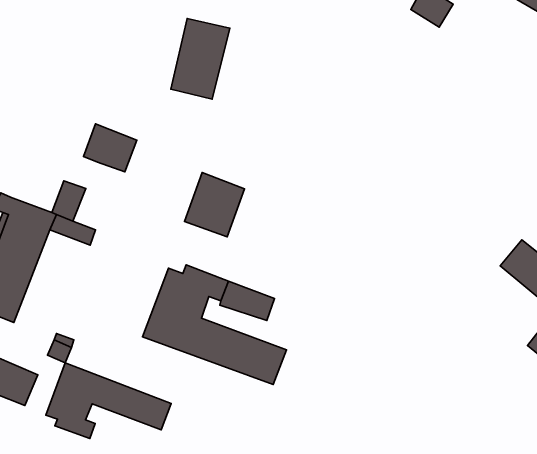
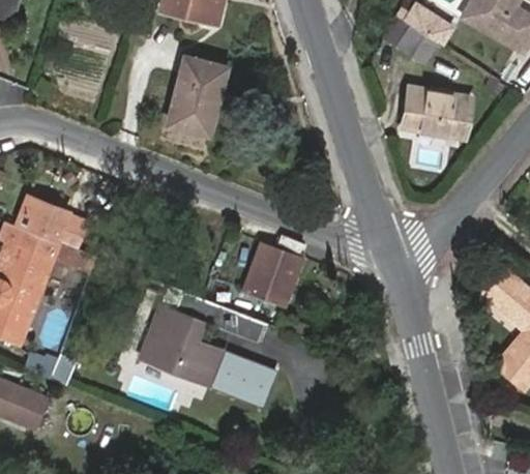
building: none -> [404,90,469,137]
building: [83,124,137,172] -> [16,196,66,241]
building: [185,172,245,237] -> [244,244,301,305]
building: [46,363,171,439] -> none

